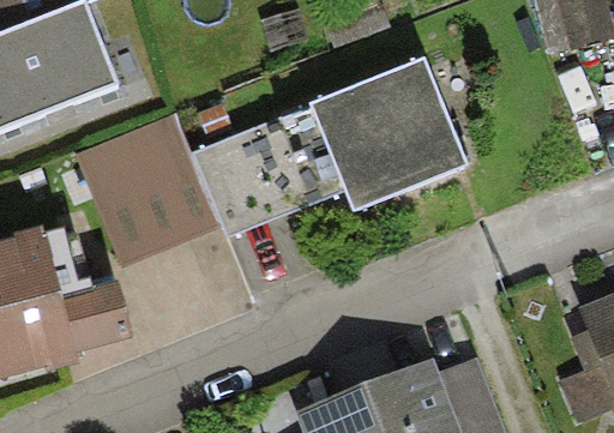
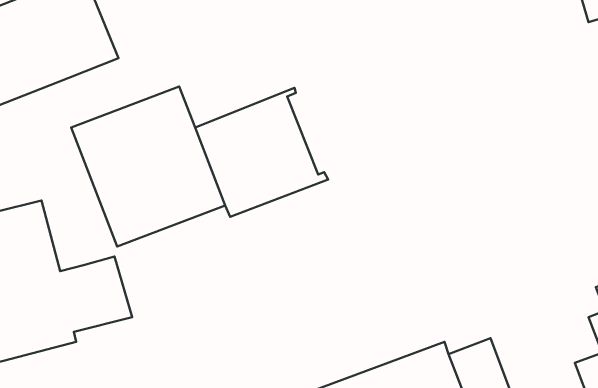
building: [281,61,469,214] -> none

